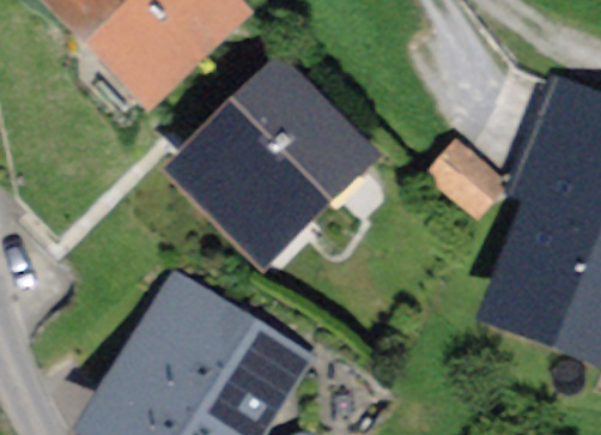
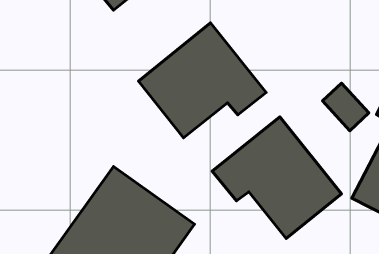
building: none -> [212,117,341,238]

